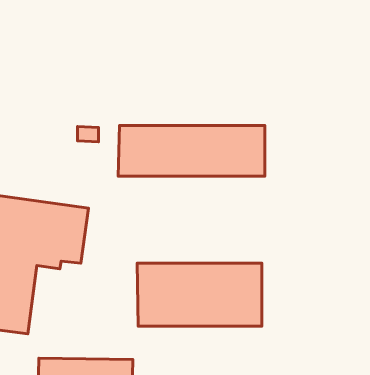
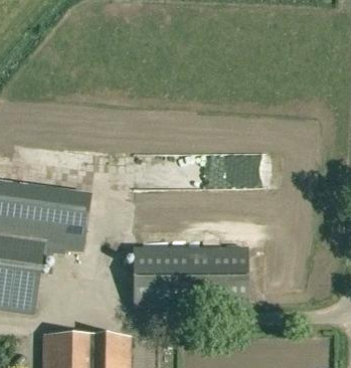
building: [118,126,265,176] -> none

